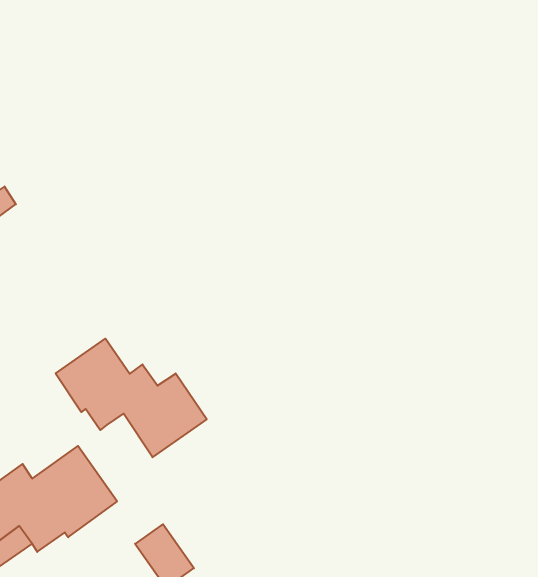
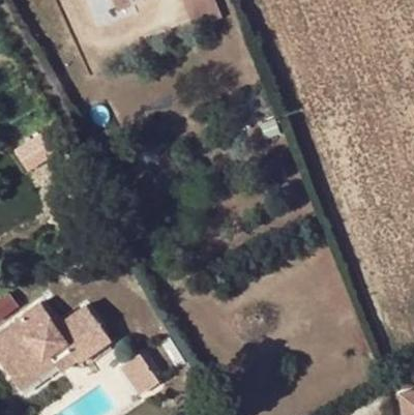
building: [56,339,207,457] -> none

